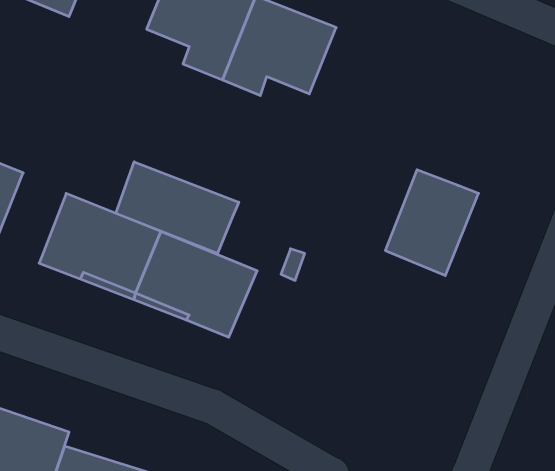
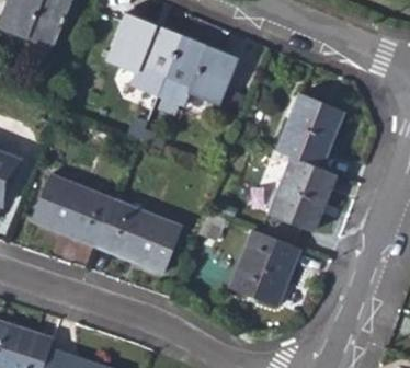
building: none -> [277,94,342,168]
building: [116,162,239,253] -> none
building: none -> [230,230,299,304]

